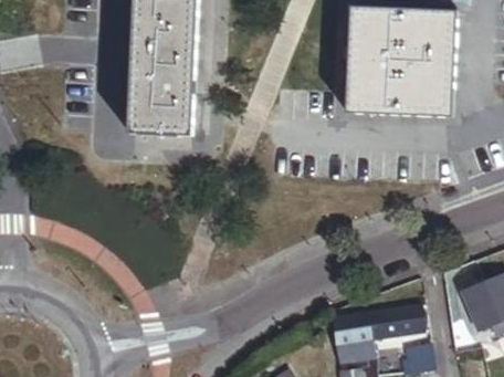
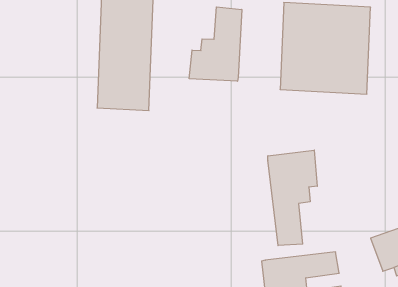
building: none -> [189,7,242,81]
building: none -> [268,150,317,246]

